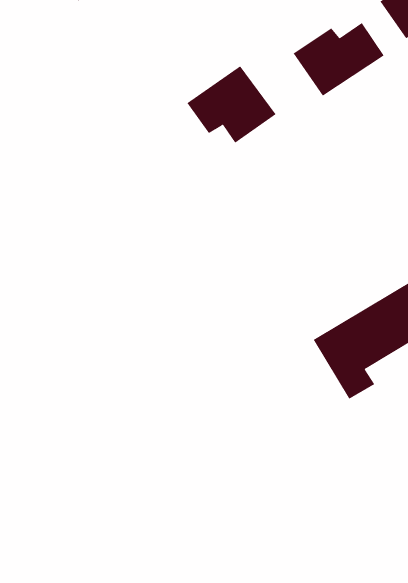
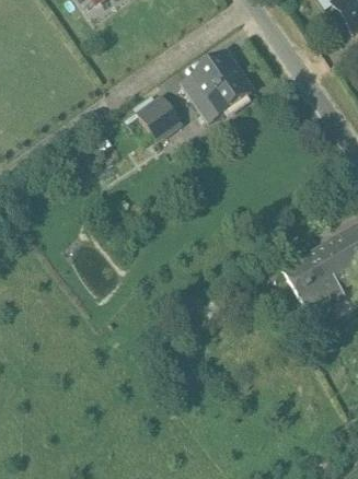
building: [293,22,385,96] -> none
building: none -> [138,96,181,140]

